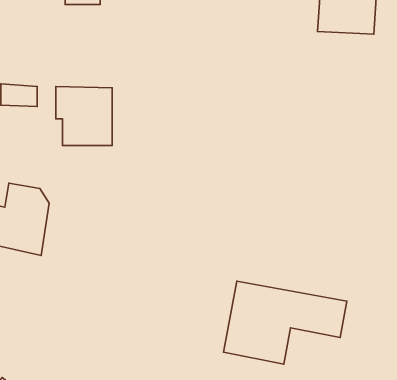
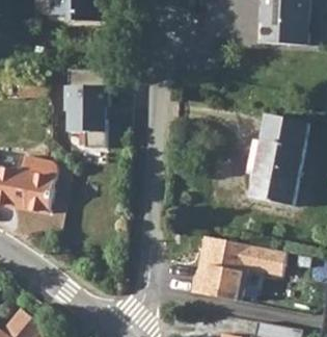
building: none -> [250,113,309,204]

